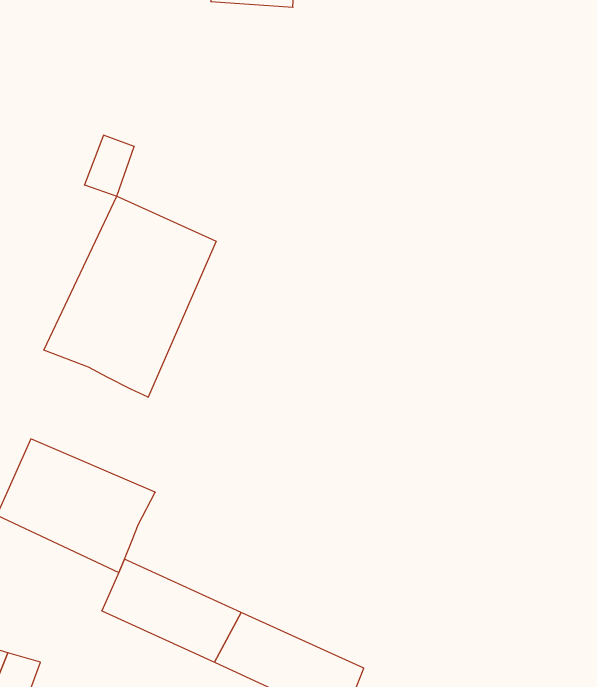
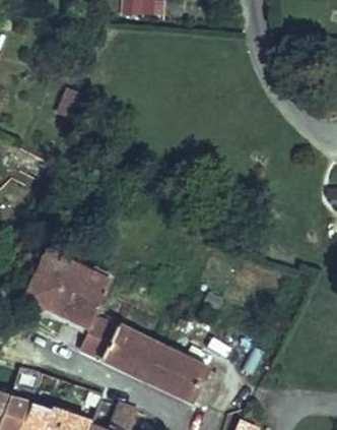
building: [44,196,216,397] -> none

